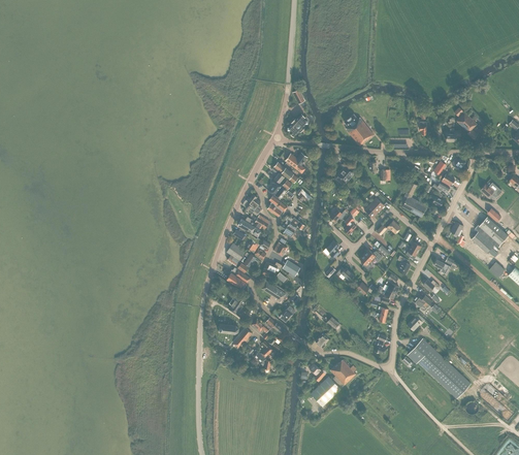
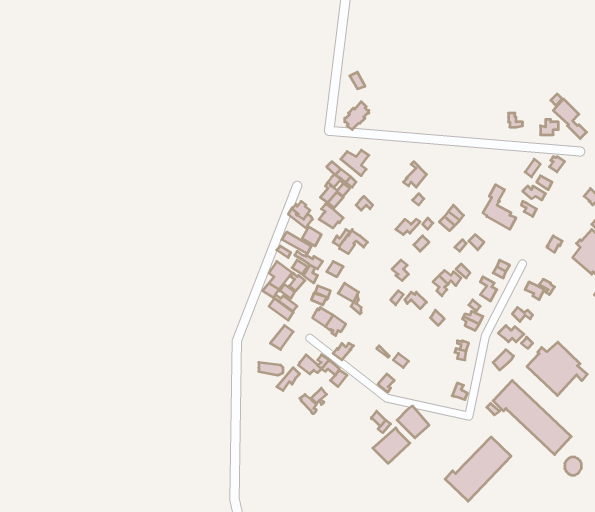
building: [344,113,374,144] -> none
building: none -> [527,342,587,396]
building: none -> [445,437,511,501]

